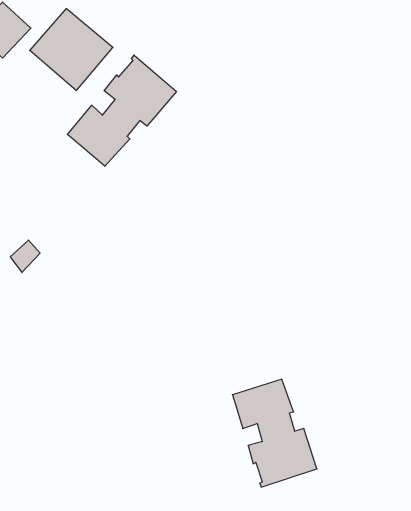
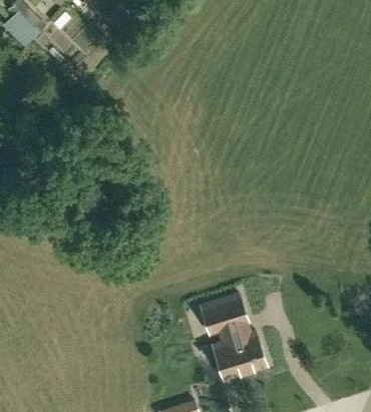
building: [67,55,177,166] -> none

